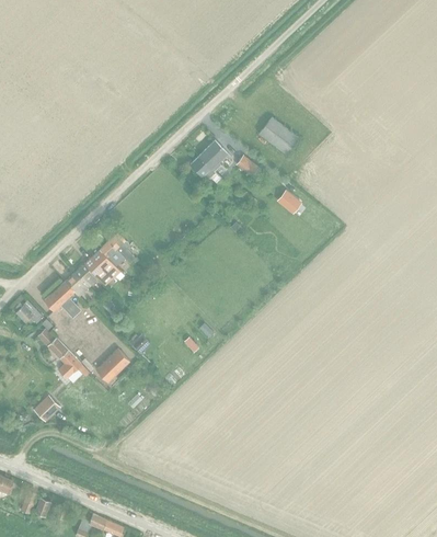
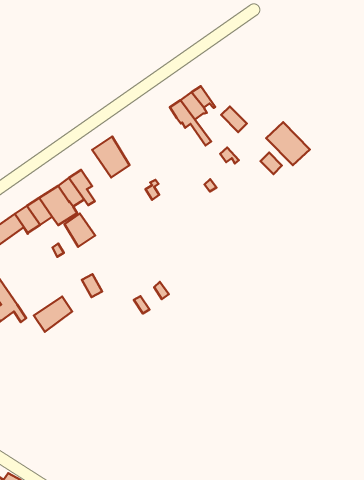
building: [258,117,299,155] -> [266,122,310,165]
building: none -> [92,136,129,178]
building: none -> [64,214,95,247]

